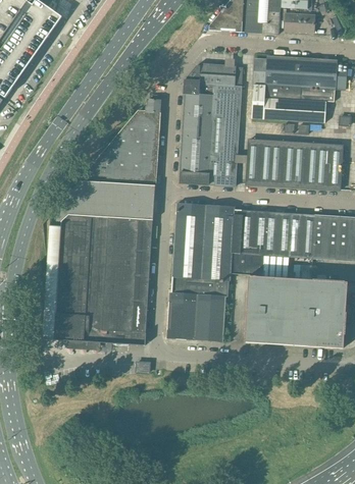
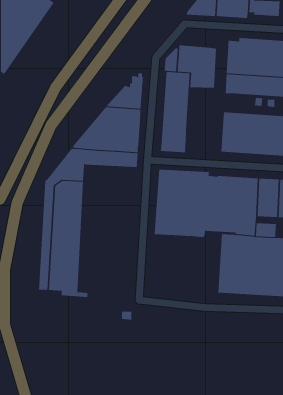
building: [208,111,241,185] -> none
building: [88,198,154,344] -> none
building: [167,276,227,340] -> none

